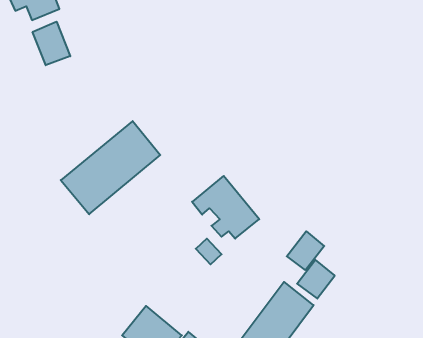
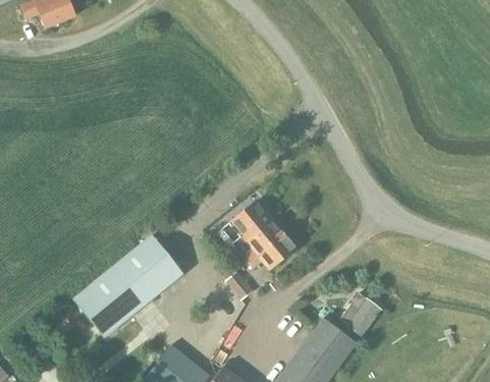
building: [33,22,70,65] -> none
building: [61,121,160,214] -> [76,228,186,331]
building: [287,231,324,270] -> none

